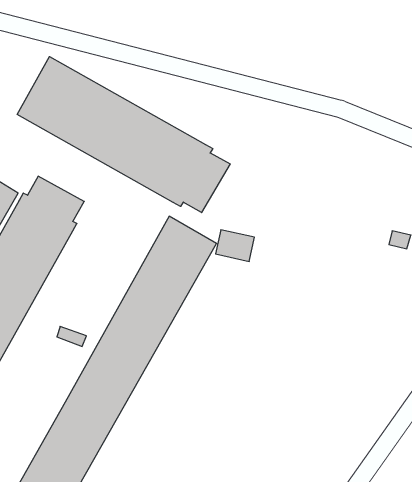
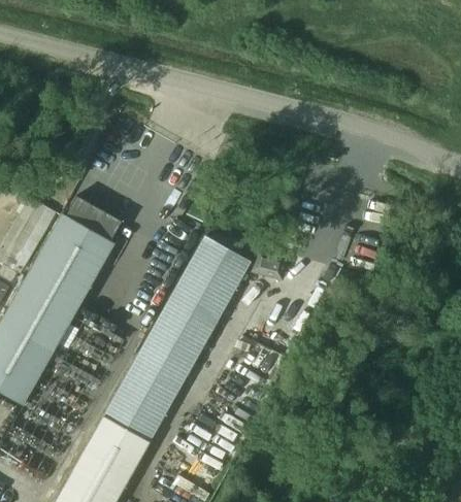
building: [17,57,230,213] -> none

